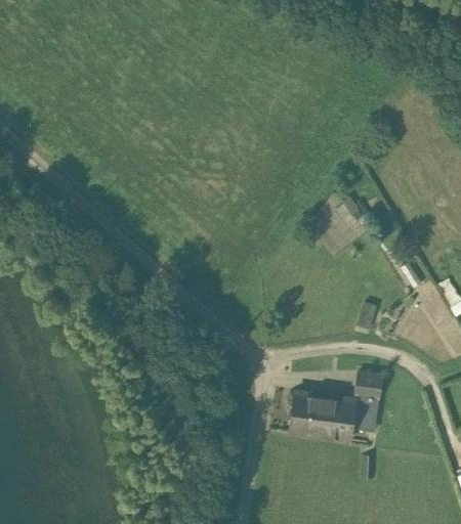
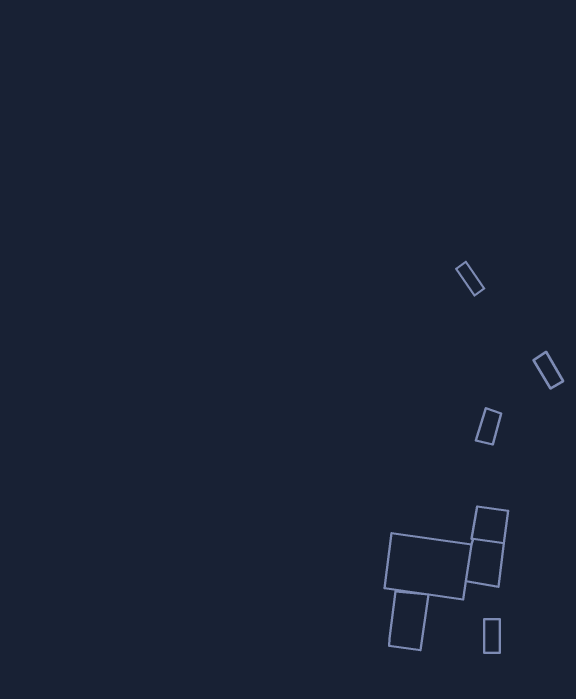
building: none -> [389,591,429,650]

